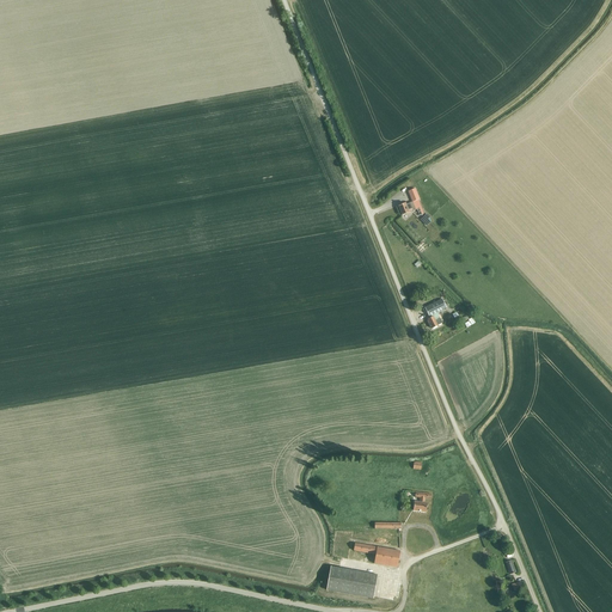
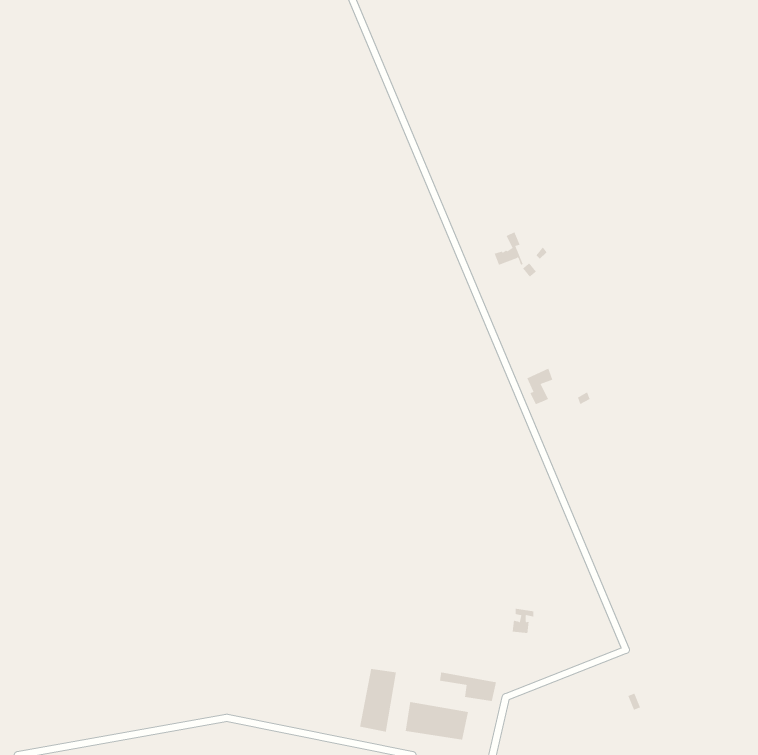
building: none -> [360,668,397,732]

